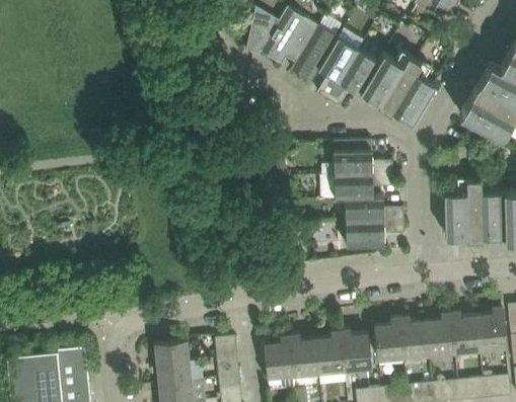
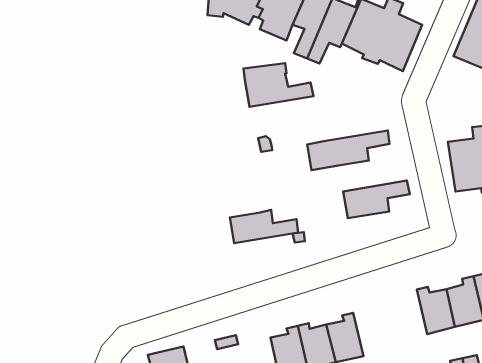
building: [335,142,393,176] -> [243,63,313,107]
building: [346,197,404,223] -> [230,210,298,243]
building: [375,318,404,360] -> none
building: [342,330,372,371] -> none

